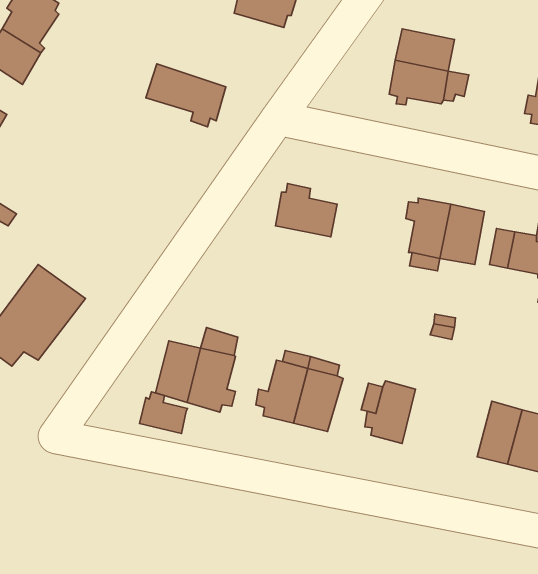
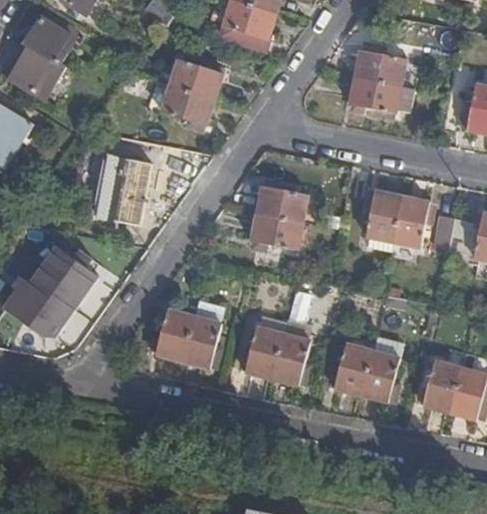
building: none -> [157,59,223,99]
building: none -> [97,156,152,226]
building: none -> [250,215,301,251]
building: none -> [360,338,403,403]
building: [139,392,188,433] -> none

